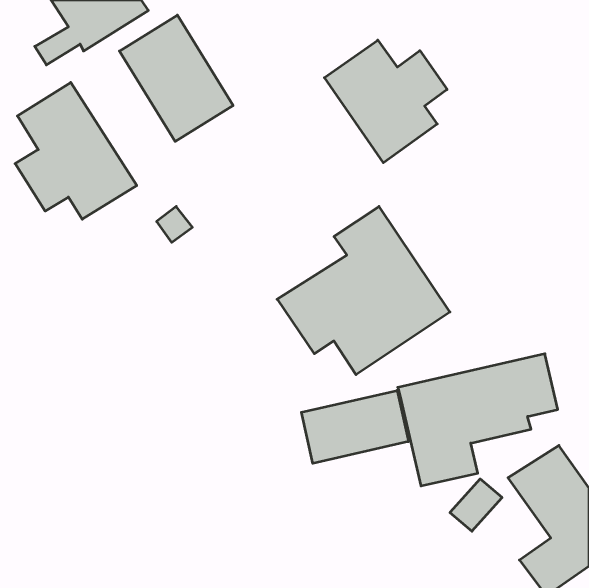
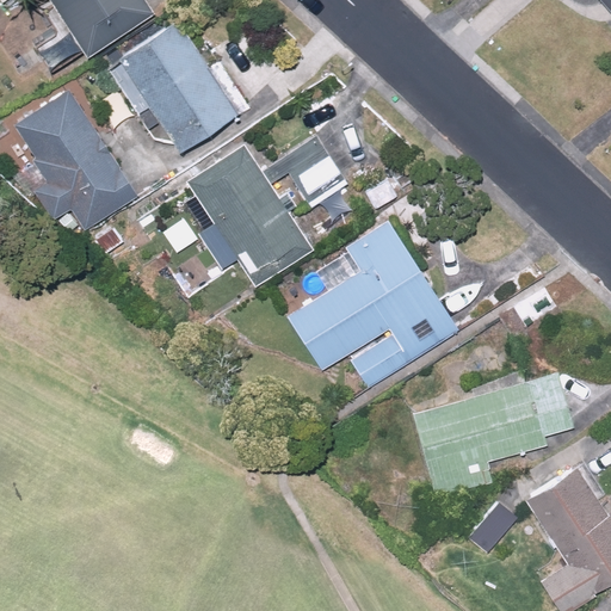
building: [324,40,447,163] -> none
building: none -> [180,135,348,290]
building: [301,390,408,463] -> none

